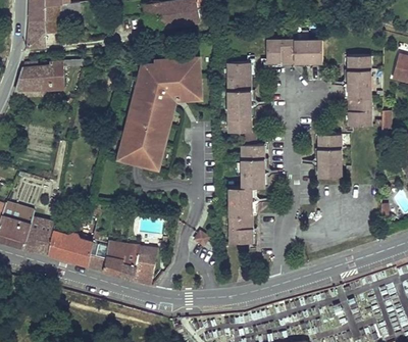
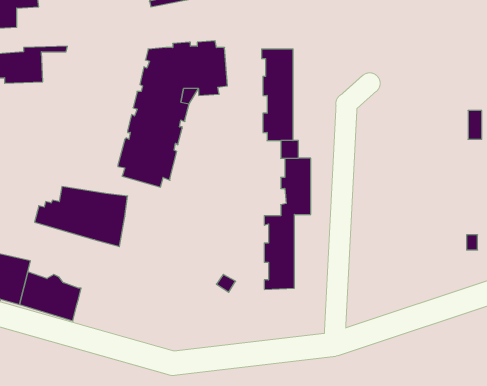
building: [266,40,321,62] -> none
building: [348,56,370,125] -> none
building: [318,134,341,176] -> none
building: [86,240,155,285] -> [35,187,128,247]

